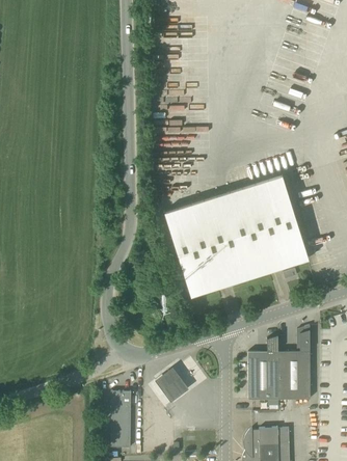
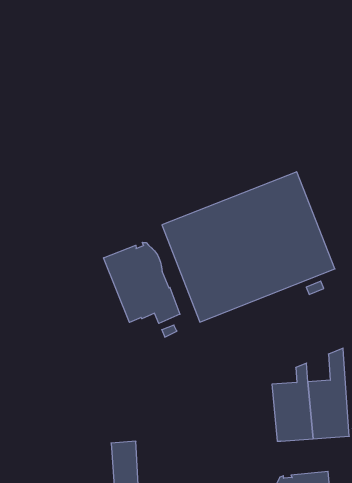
building: none -> [104,242,180,323]
building: [155,372,188,407] -> none

